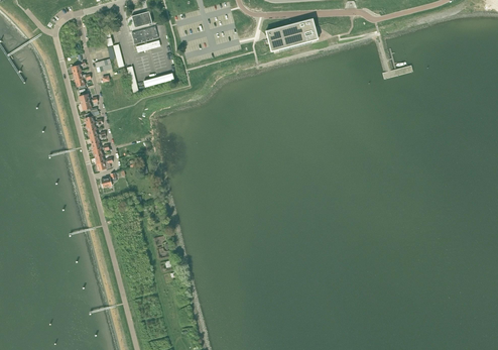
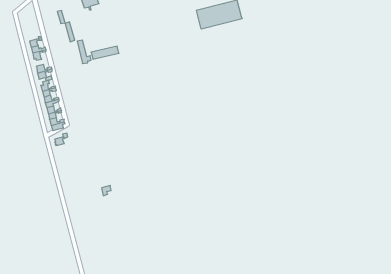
building: [130,26,159,51] -> none

